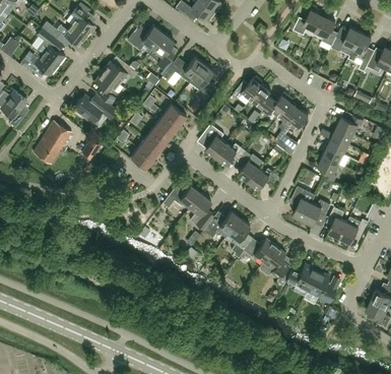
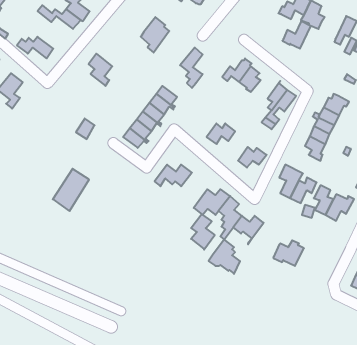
building: [129,25,164,51] -> none
building: [37,27,65,66] -> none
building: [331,27,361,56] -> [282,21,311,49]
building: [162,58,204,83] -> none
building: [103,61,138,84] -> none
building: [262,92,292,118] -> none
building: [74,95,117,124] -> none
building: [34,121,71,165] -> [53,169,89,211]
building: [202,124,226,158] -> none
building: [239,151,264,182] -> none
building: [190,194,214,231] -> [191,214,215,250]
building: [259,246,291,282] -> [209,239,240,274]
building: [308,272,336,304] -> none

